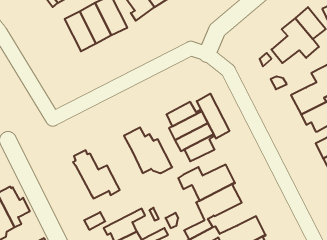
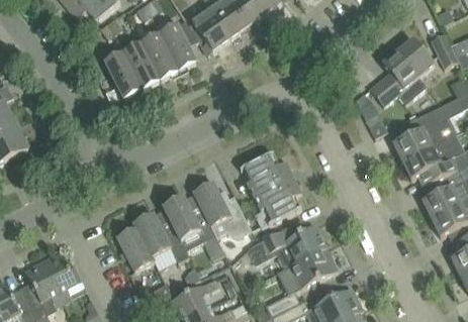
building: none -> [103,51,142,99]
building: [197,94,229,139] -> none
building: none -> [163,196,214,249]
building: none -> [116,226,154,271]

